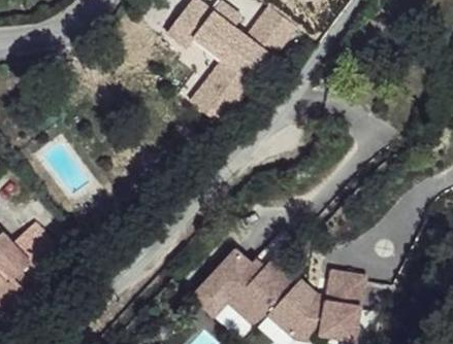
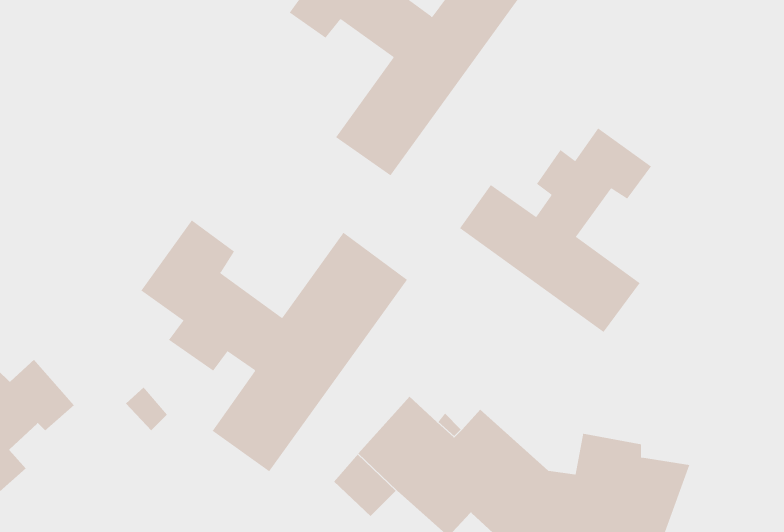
building: none -> [459,127,652,333]
building: none -> [140,219,408,472]

